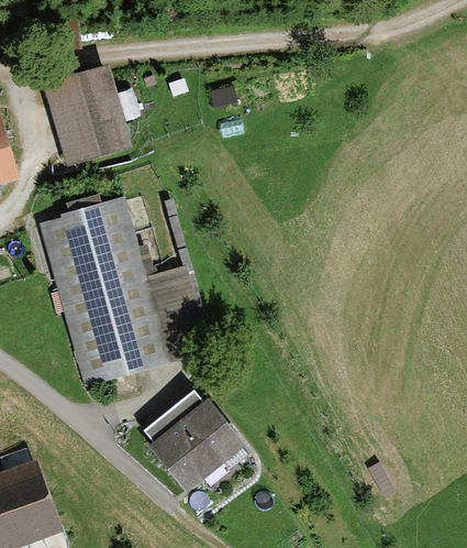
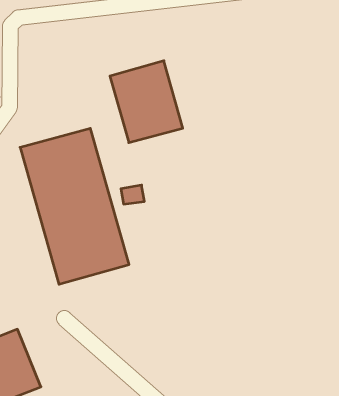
building: [42,69,131,169] -> [110,61,183,143]
building: [151,385,245,476] -> none

